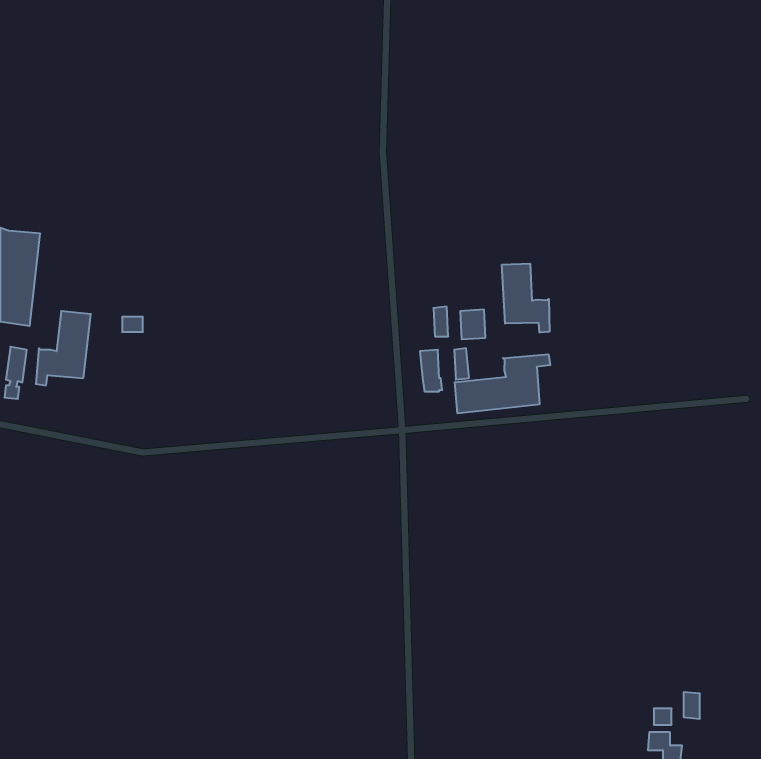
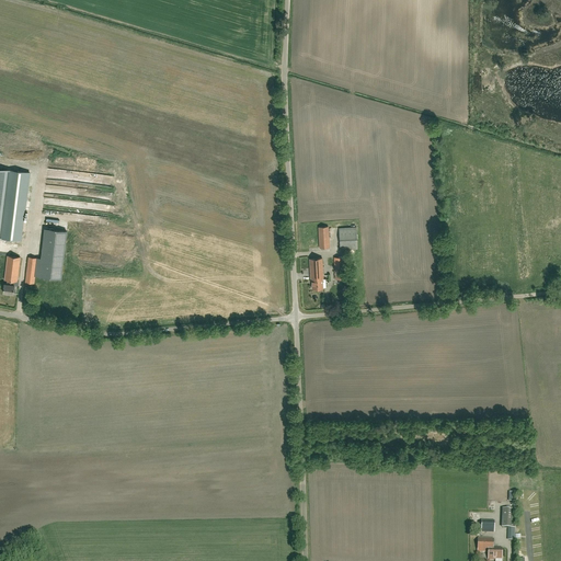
building: [502,264,549,333] -> none
building: [455,354,550,413] -> none

